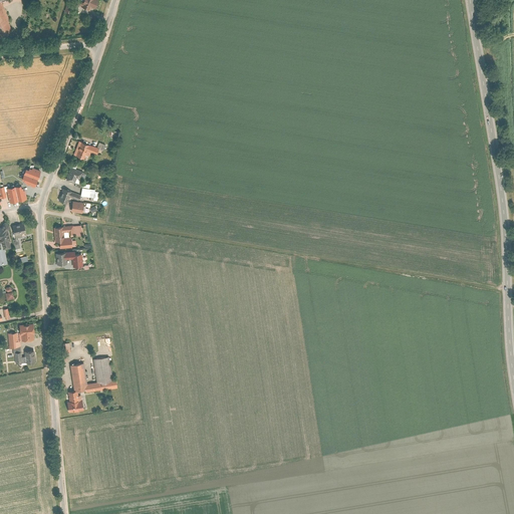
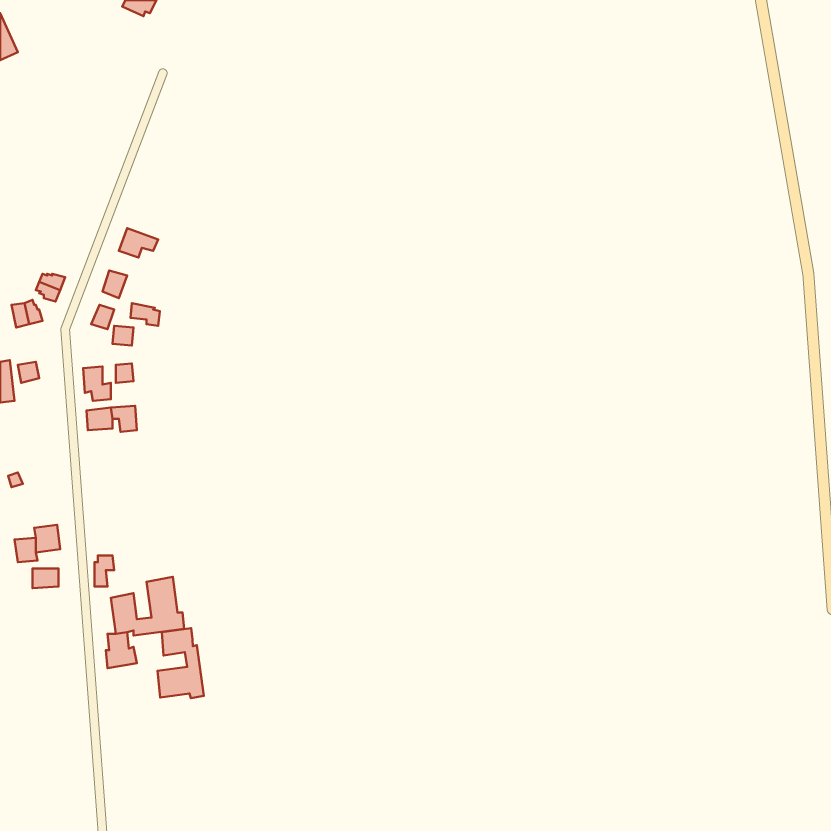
building: none -> [158,628,204,698]

